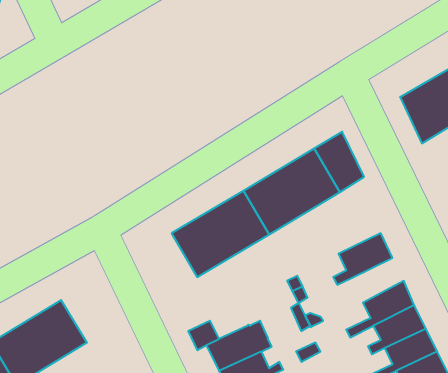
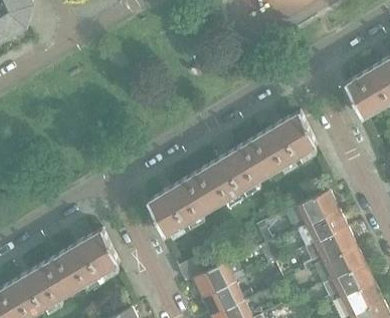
building: none -> [148,191,186,238]
building: none -> [303,210,348,249]
building: none -> [79,229,120,276]

